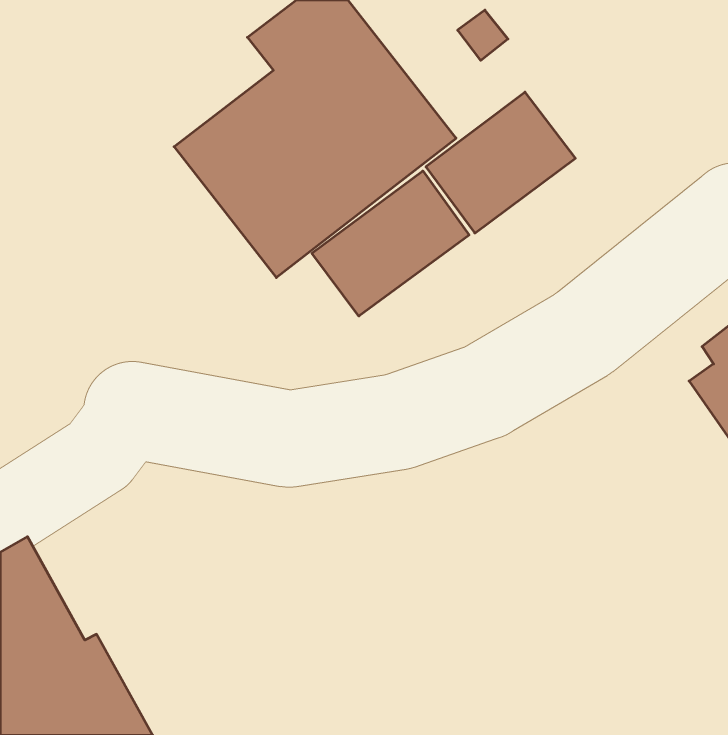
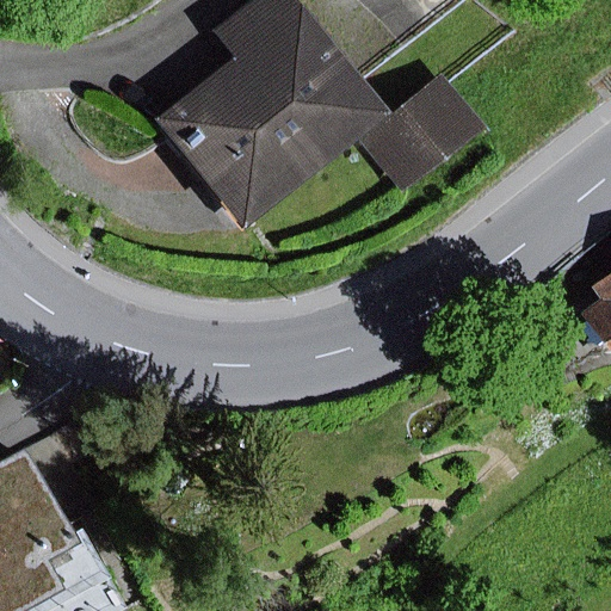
building: [312,171,469,316] -> none

